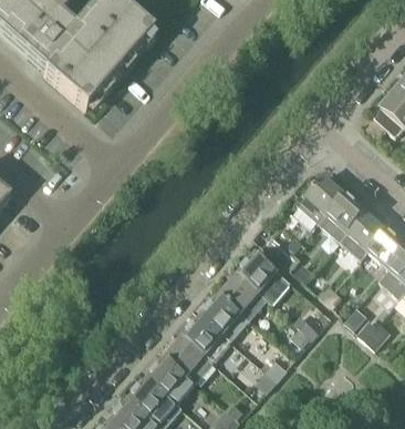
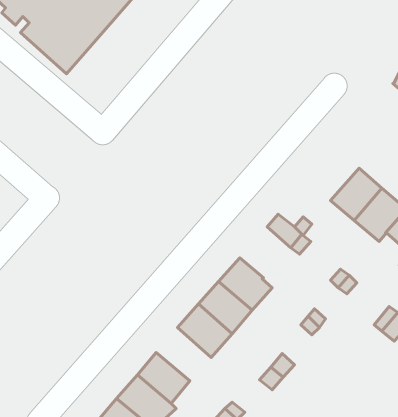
building: [299,173,345,221] -> none
building: [239,249,292,303] -> none
building: [165,334,214,381] -> none

